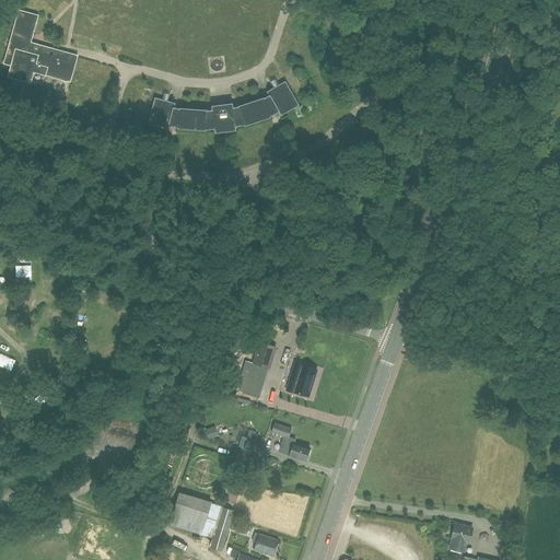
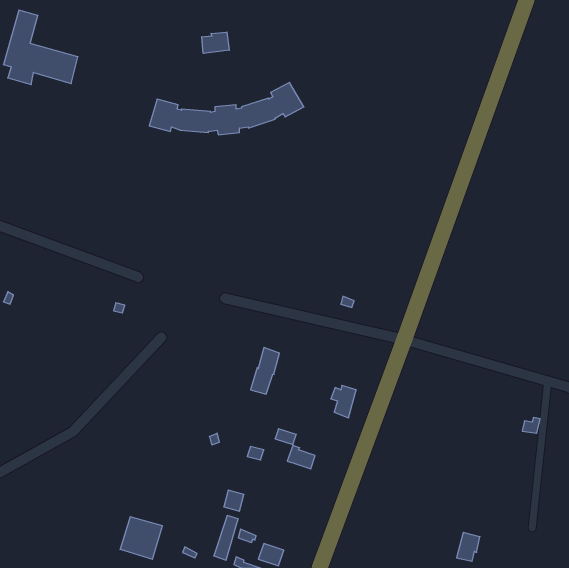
building: none -> [202,32,229,53]
building: [290,364,315,396] -> [331,385,356,418]
building: [168,491,210,533] -> [120,517,162,559]

